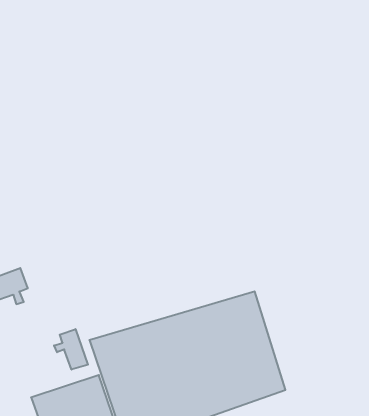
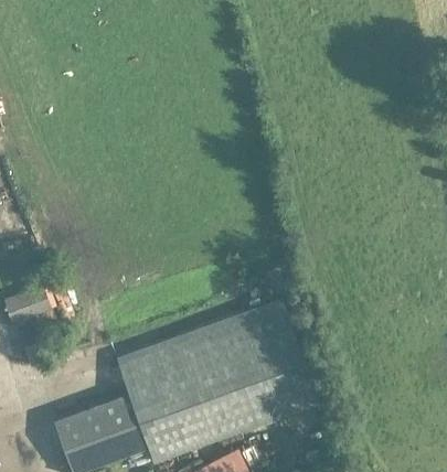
building: [54,329,88,370] -> none

